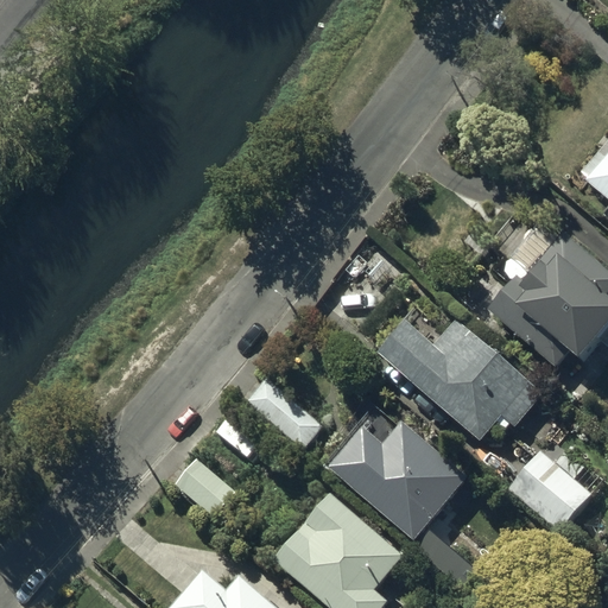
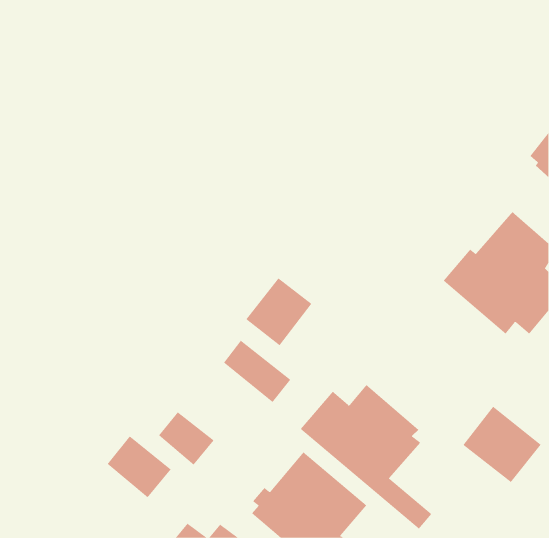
building: none -> [245,278,312,346]
building: [380,321,539,441] -> none
building: none -> [107,436,172,498]

